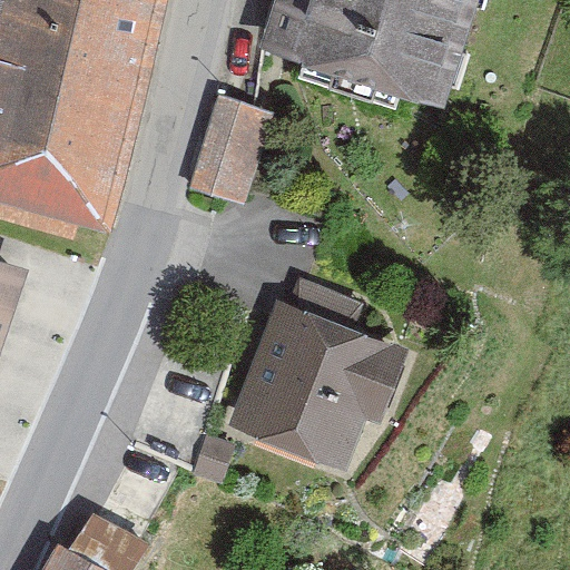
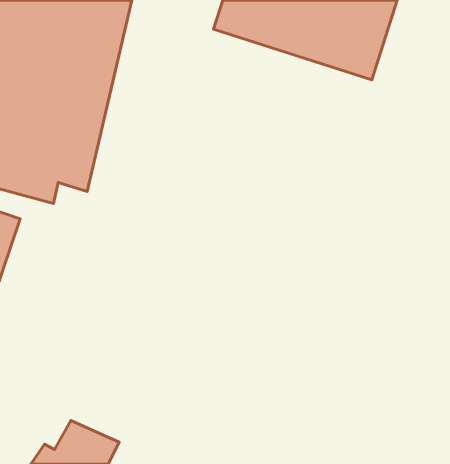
building: [181,97,268,209] -> none
building: [230,279,417,470] -> none

